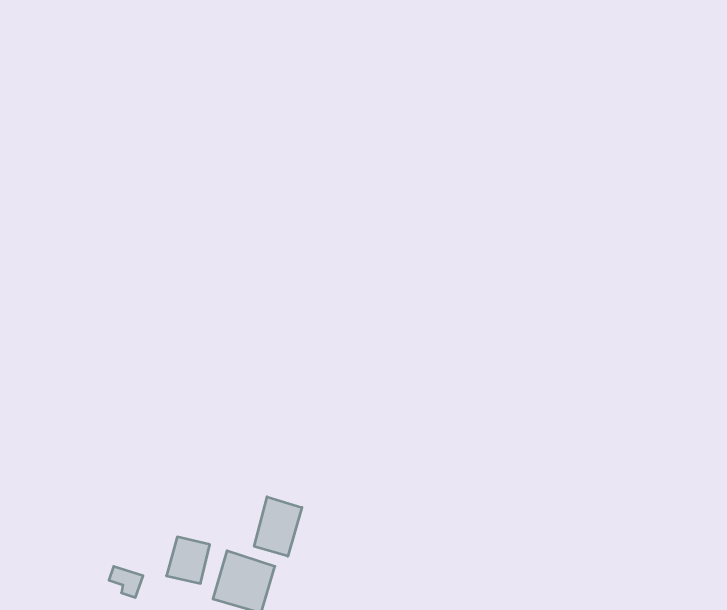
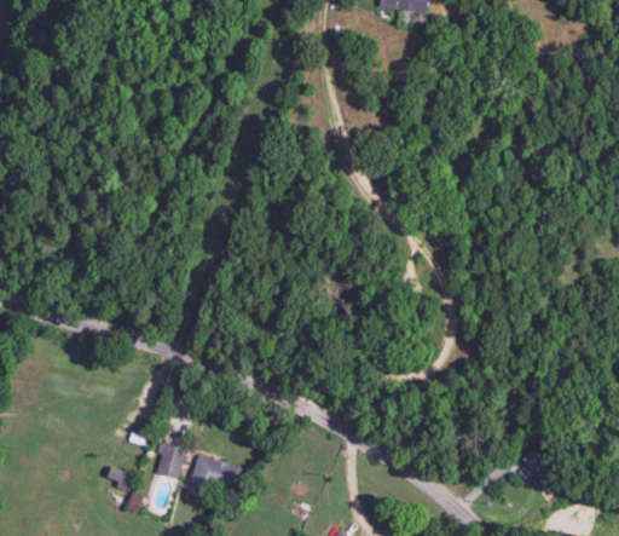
building: [254,497,302,556] -> none

